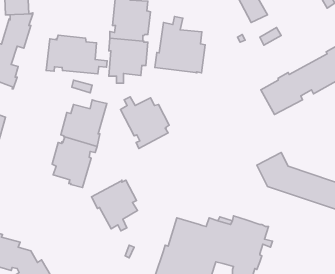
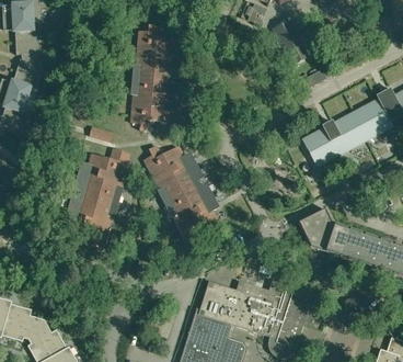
building: [155,16,205,73] -> none
building: [46,35,107,74] -> none
building: [92,180,137,231] -> [165,184,217,241]

